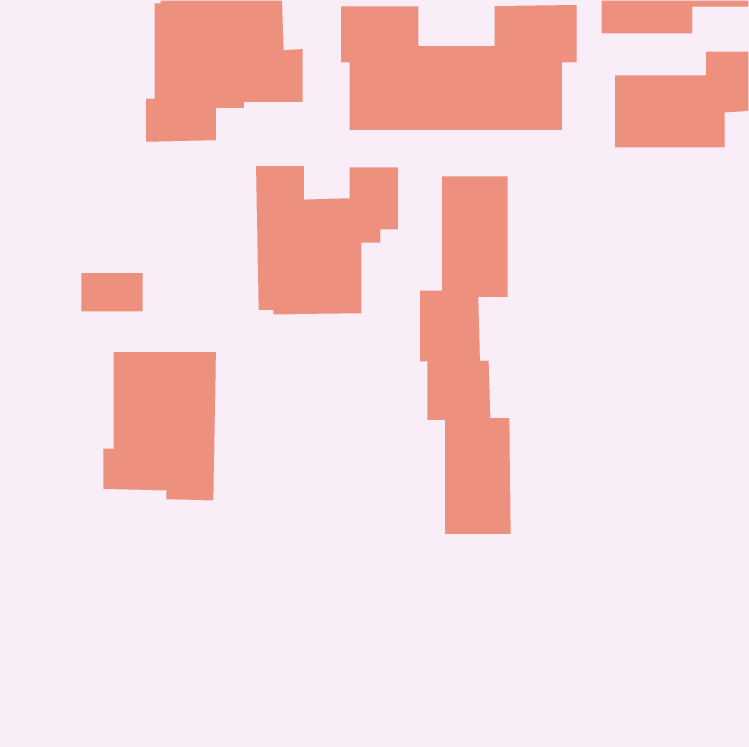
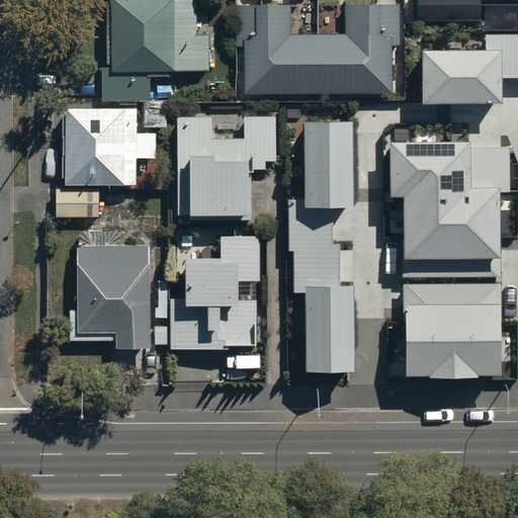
building: none -> [63,101,167,184]
building: none -> [394,144,510,276]
building: none -> [171,236,259,349]
building: none -> [407,285,501,375]

